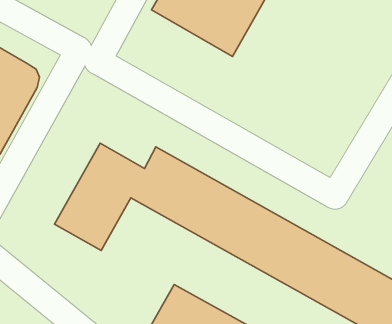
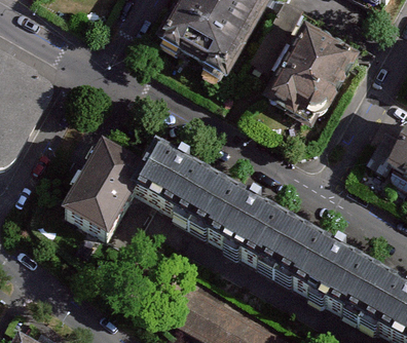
building: none -> [267,26,356,124]

